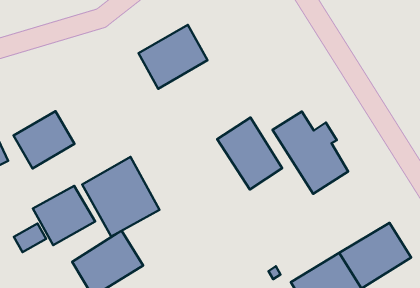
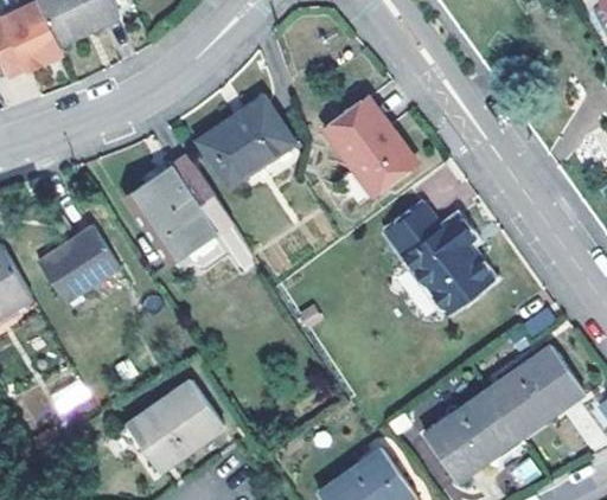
building: [217,118,282,190] -> [325,97,415,194]
building: [82,157,160,236] -> [124,155,231,264]
building: [33,186,95,245] -> none

